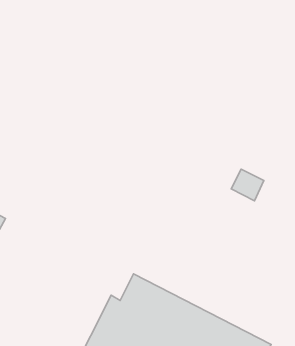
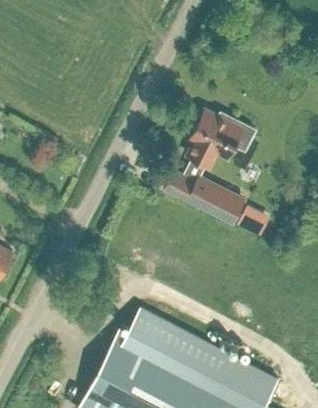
building: none -> [166,110,255,222]

